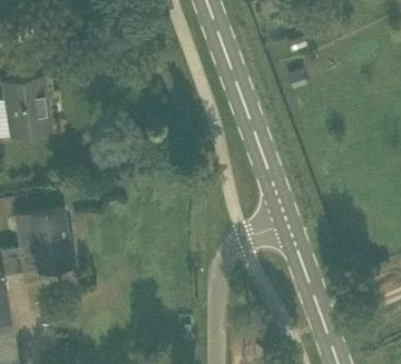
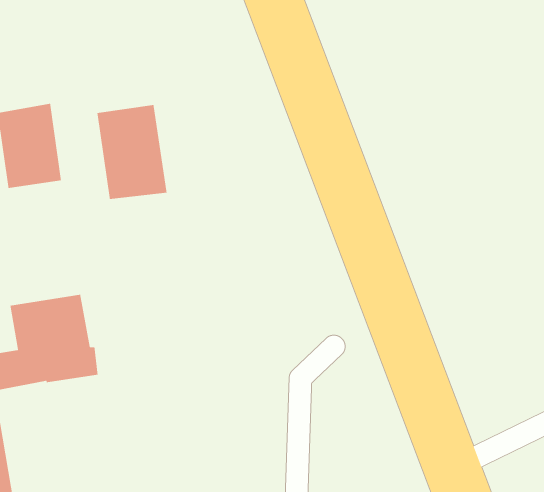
building: none -> [96,104,167,200]

